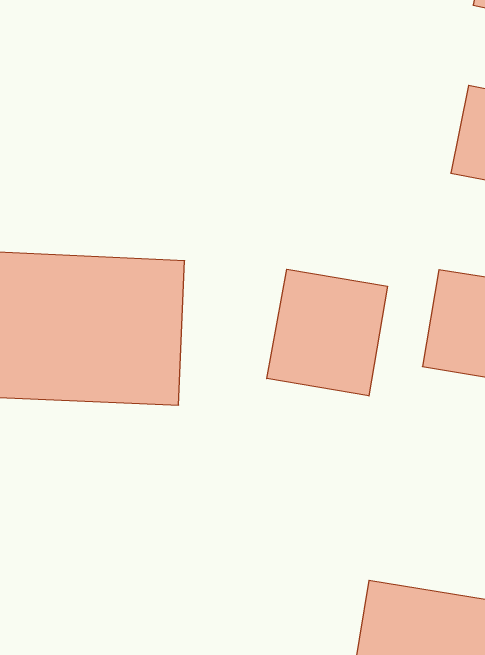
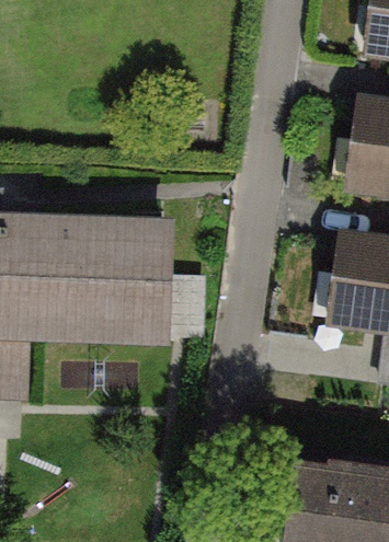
building: [267,269,387,396] -> none

